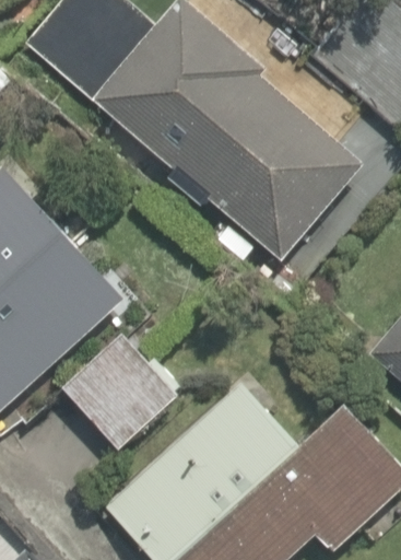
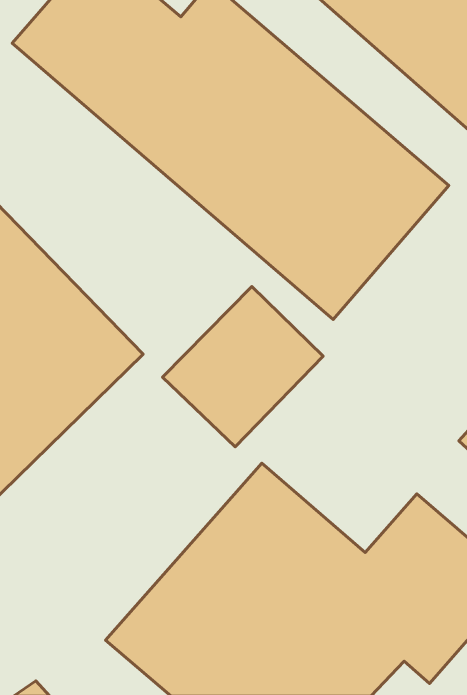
building: [61,326,187,452] -> [163,286,323,447]

